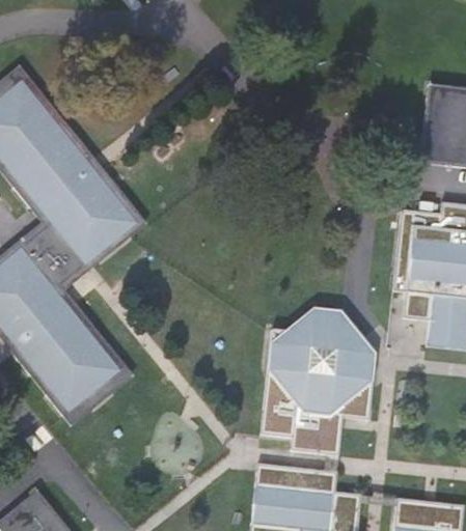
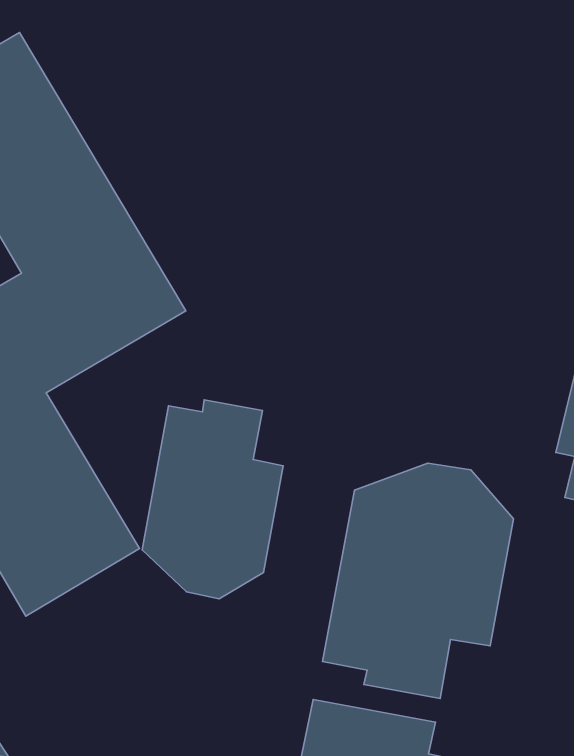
building: none -> [142,400,283,599]

